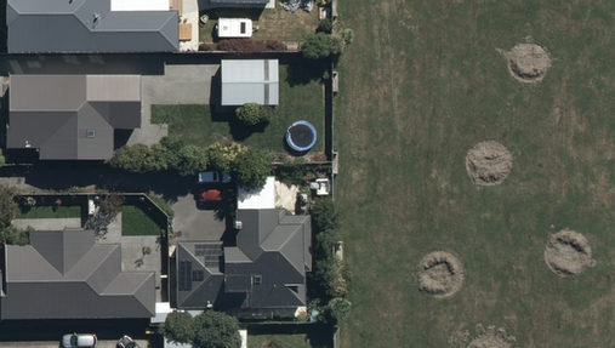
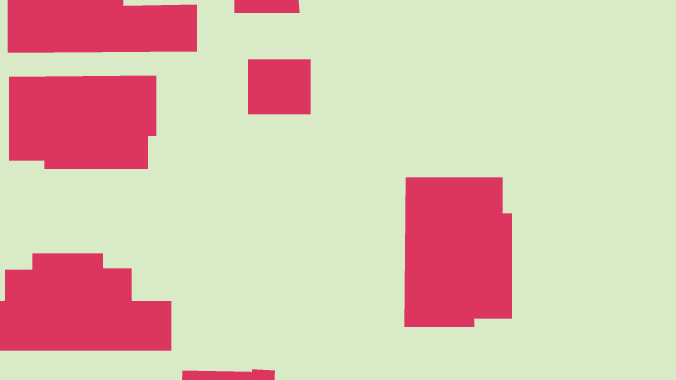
building: none -> [404,176,513,328]
building: [176,178,308,309] -> none

